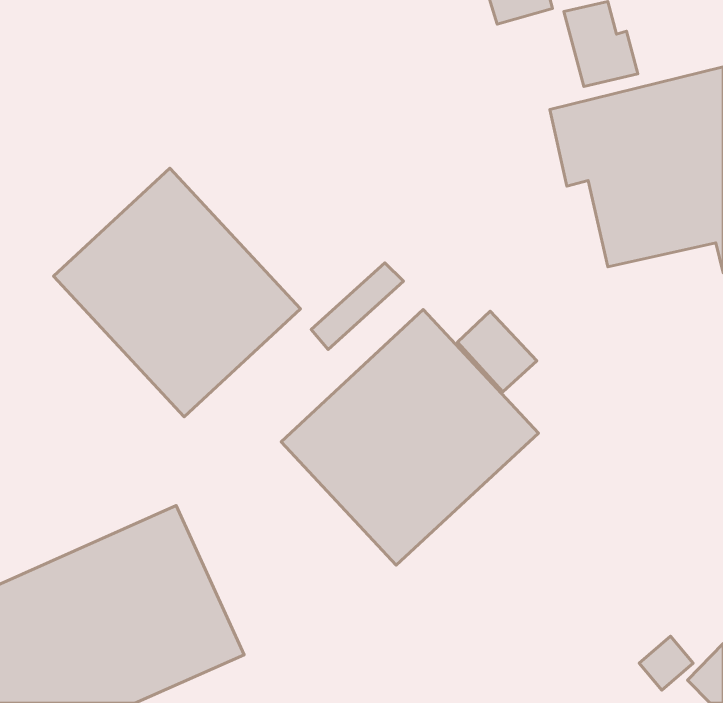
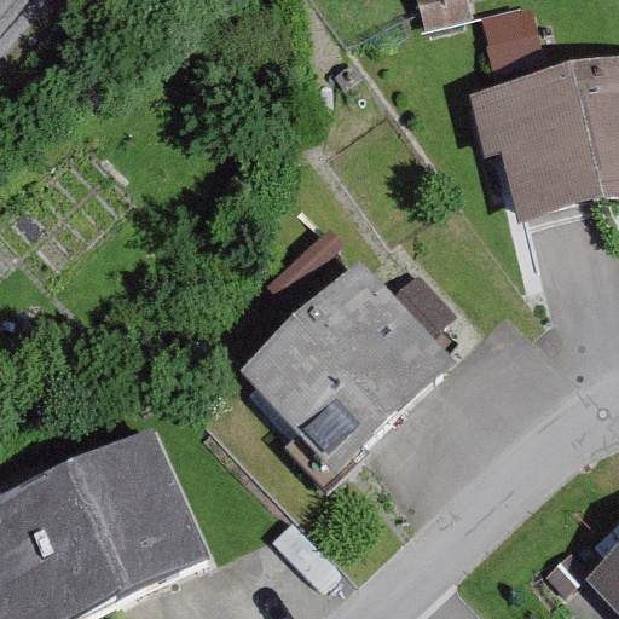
building: [54,168,300,417] -> none

